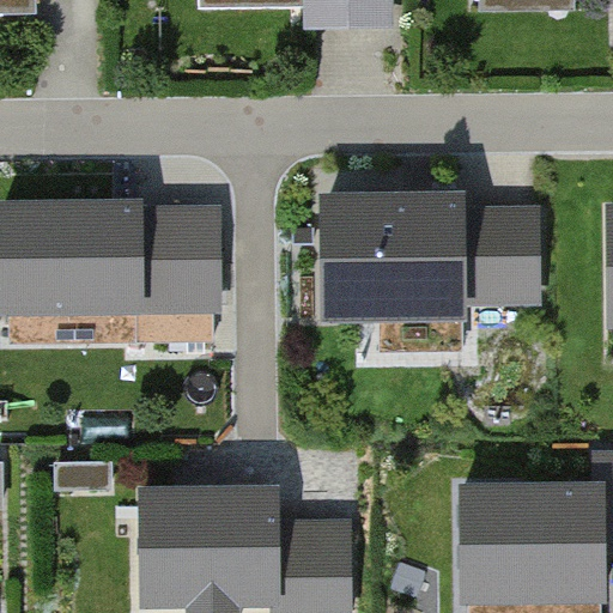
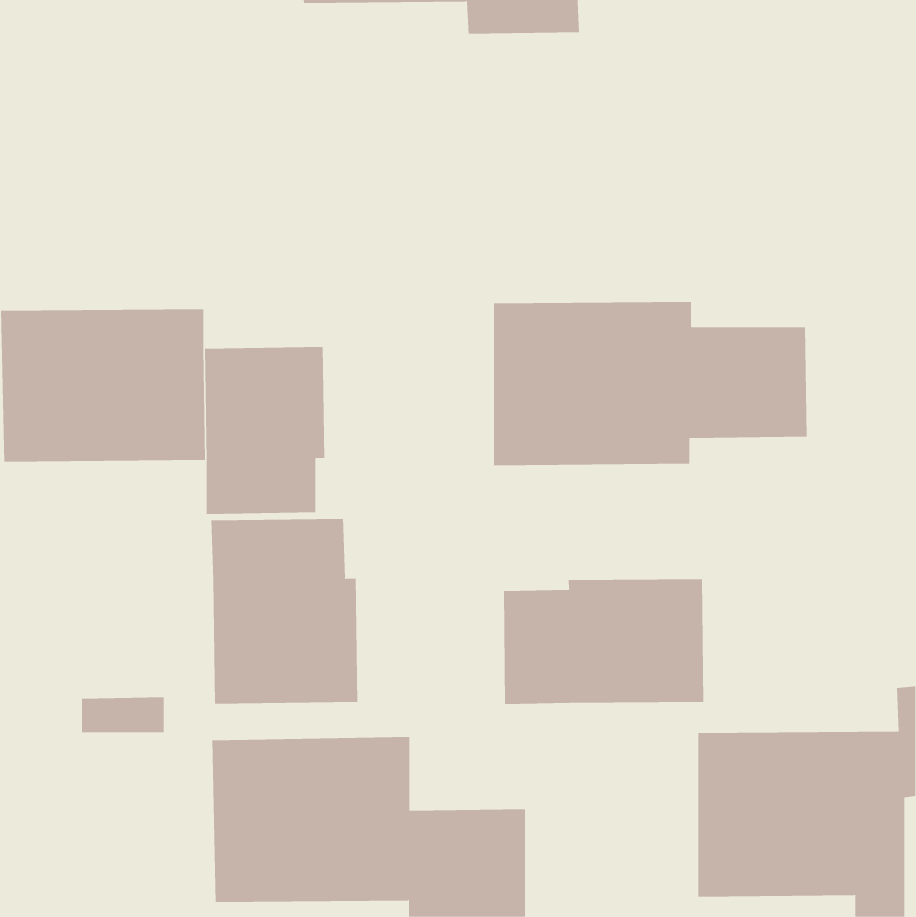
building: none -> [211,518,358,705]
building: none -> [504,579,704,705]

